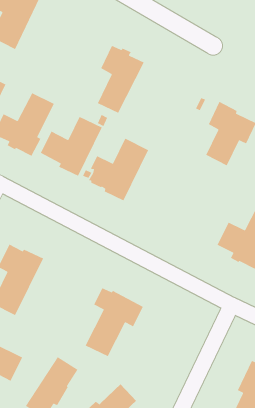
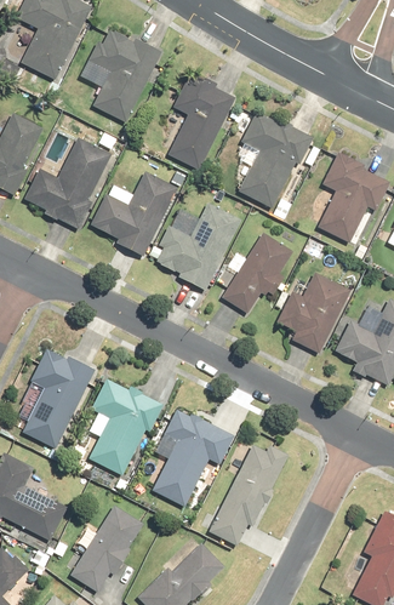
building: none -> [80,32,161,122]
building: none -> [238,110,313,207]
building: none -> [221,234,292,315]
building: none -> [276,273,350,353]
building: none -> [90,379,162,475]
building: none -> [207,445,289,547]

